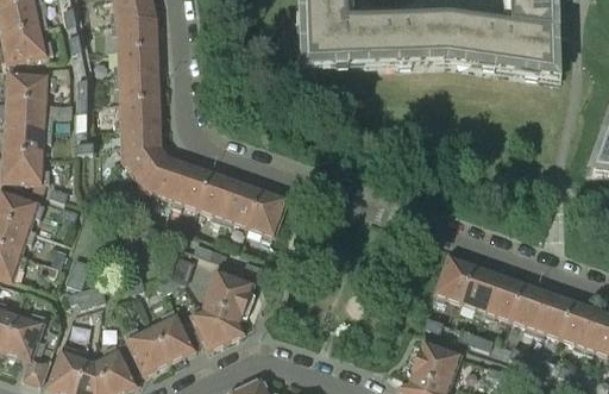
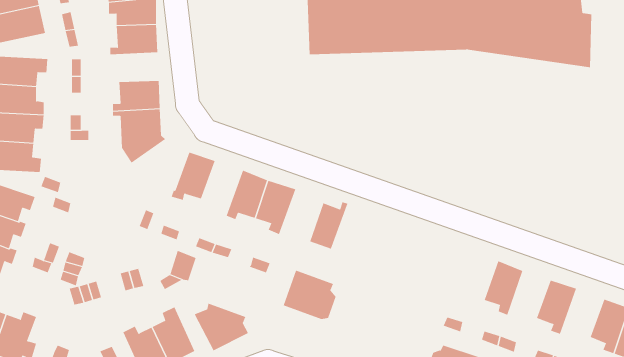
building: [112,70,158,98] -> none
building: [132,151,186,199] -> none
building: [197,171,236,223] -> none
building: none -> [310,201,348,250]
building: [433,256,473,301] -> none
building: [203,270,253,317] -> [283,270,336,320]
building: [483,274,522,319] -> none
building: [532,290,572,337] -> none

